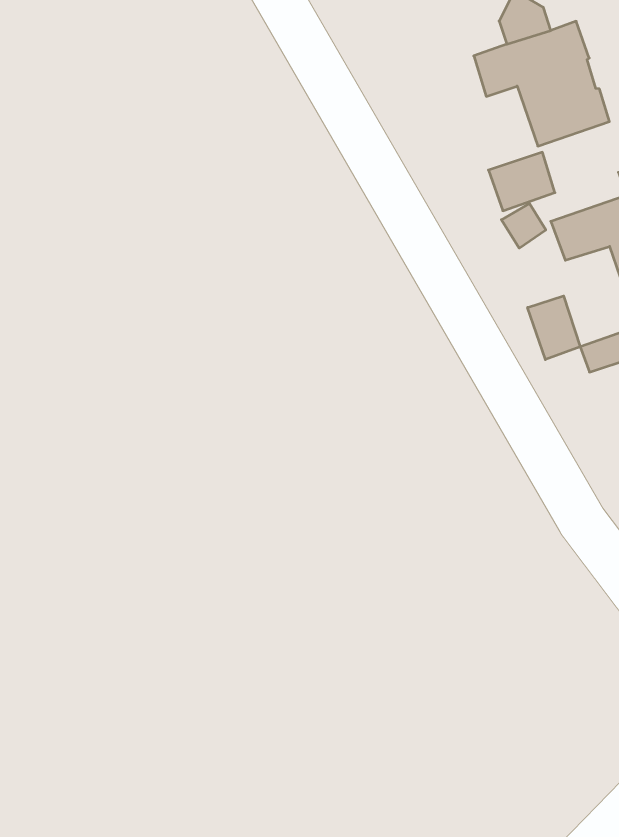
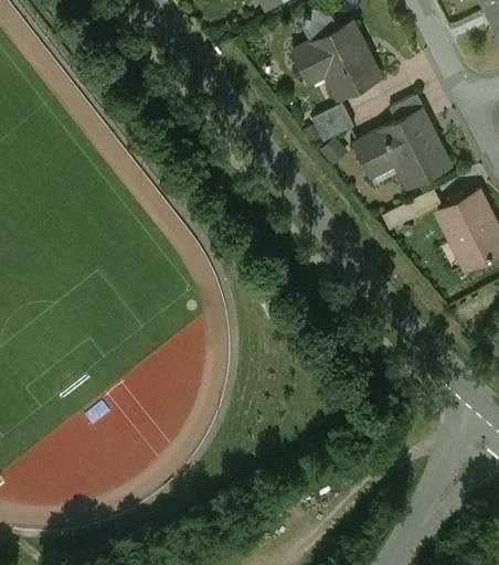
building: [528,296,580,360] -> none

